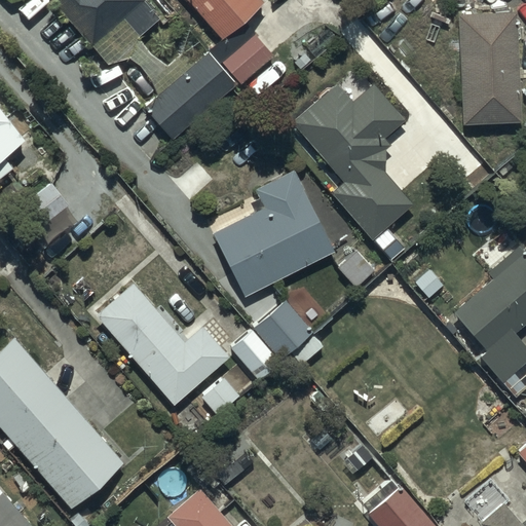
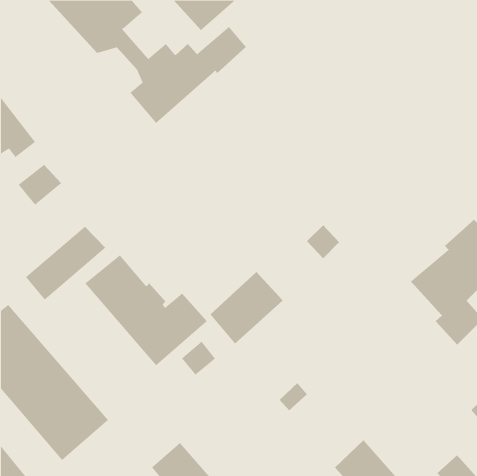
building: [459,12,521,123] -> none
building: [292,83,413,260] -> none
building: [209,171,334,296] -> none
building: none -> [25,226,106,301]

